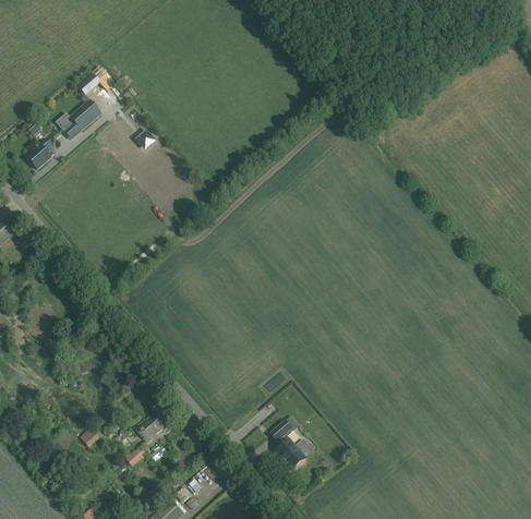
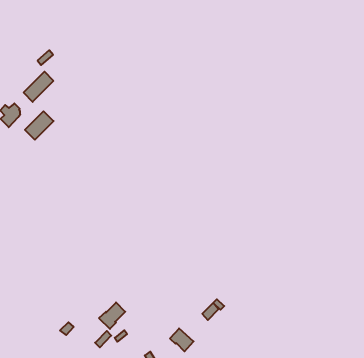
building: none -> [25,111,54,140]
building: [275,439,305,470] -> [170,328,194,351]

